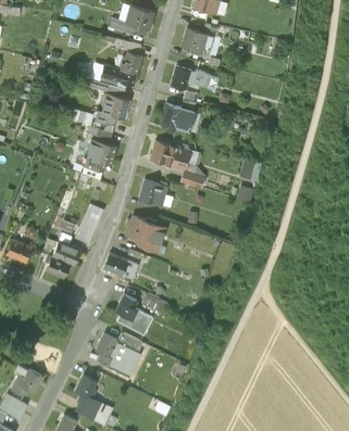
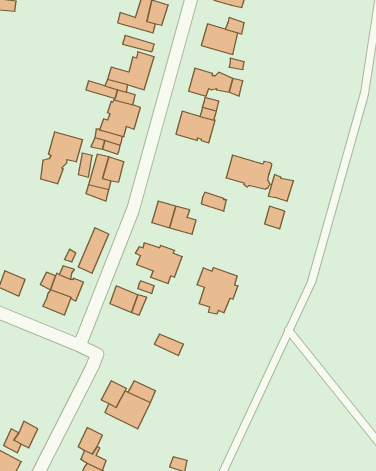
building: none -> [41,132,82,184]
building: [150,140,189,169] -> [226,155,272,189]
building: none -> [197,268,238,314]
building: [115,294,152,334] -> none

